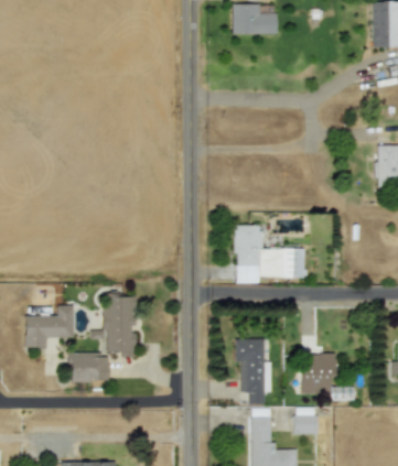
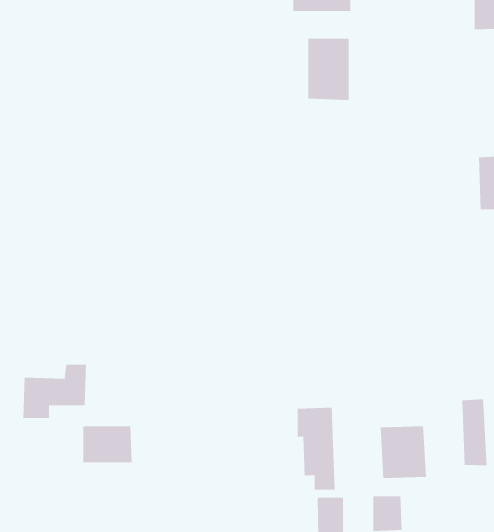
building: none -> [308,38,349,101]
building: [235,225,304,282] -> none
building: [90,295,136,356] -> none
building: none -> [462,399,487,466]

